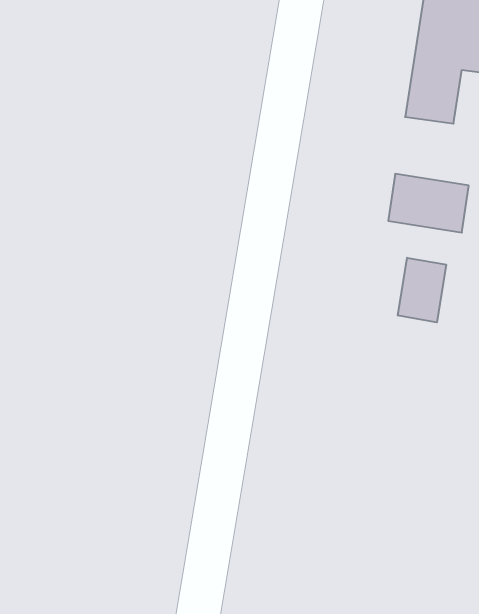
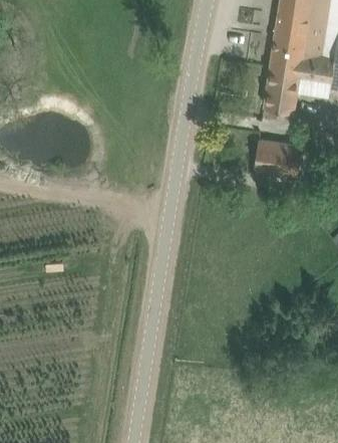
building: [398,258,446,322] -> none

